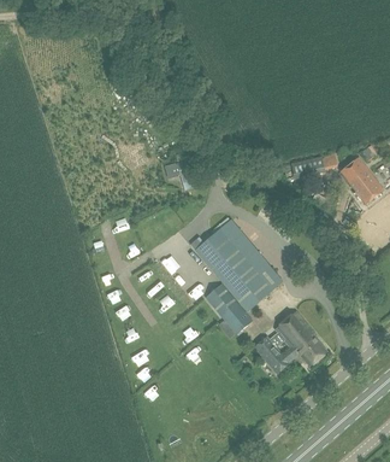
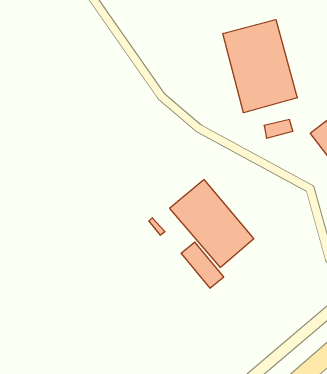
building: none -> [223,20,297,113]
building: [254,310,327,373] -> none

